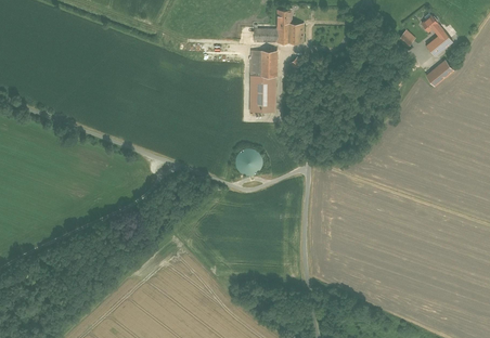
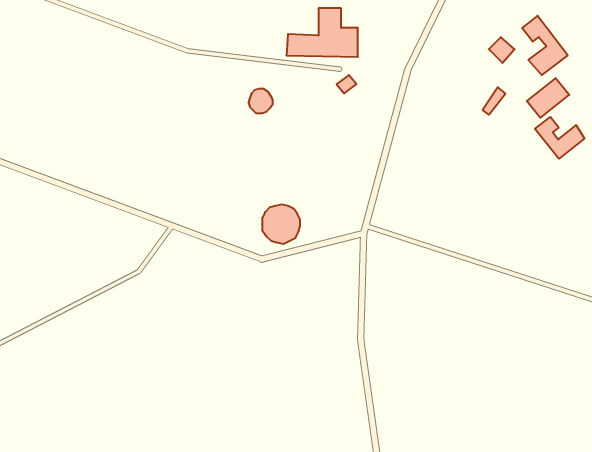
building: [248,50,276,113] -> none
building: none -> [535,117,584,159]

